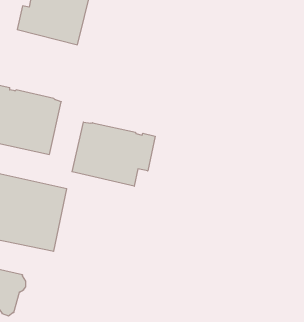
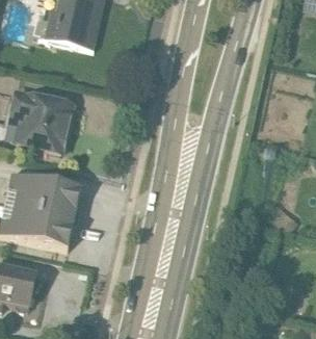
building: [72,122,155,186] -> none

